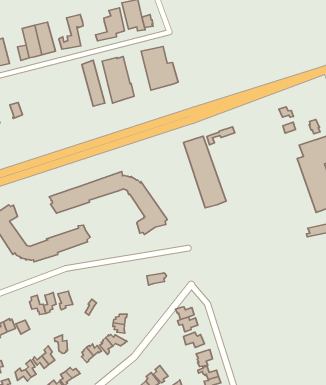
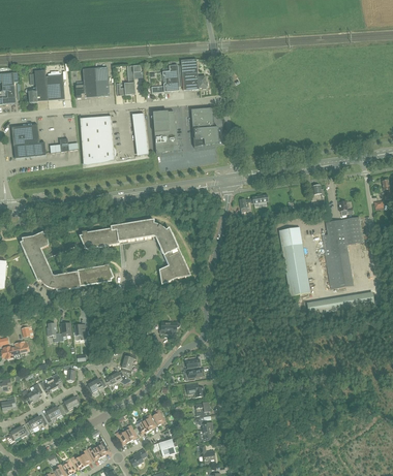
building: none -> [78,115,115,163]
building: [183,136,226,208] -> [278,226,309,294]

